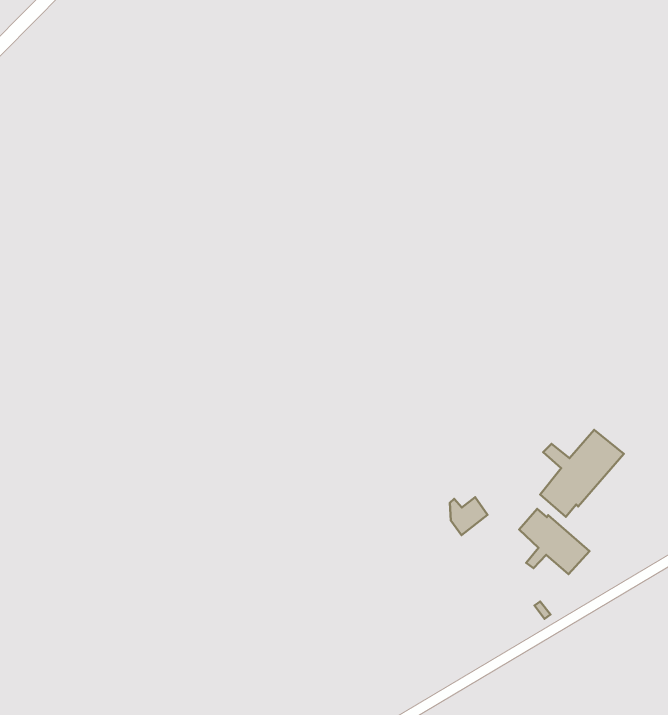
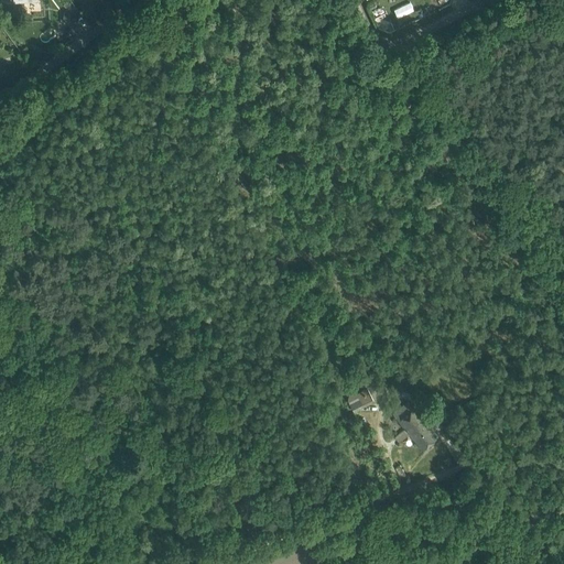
building: [540,430,624,517] -> none

